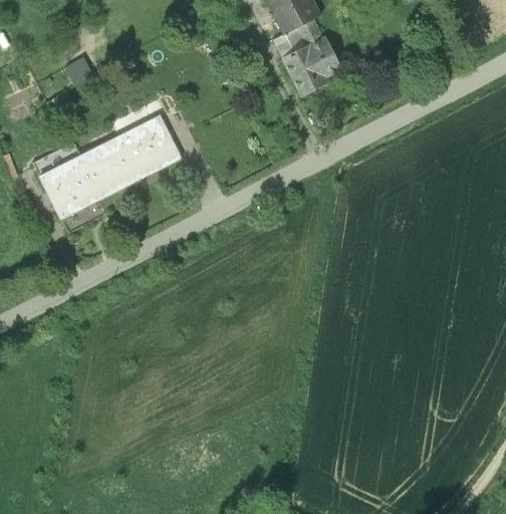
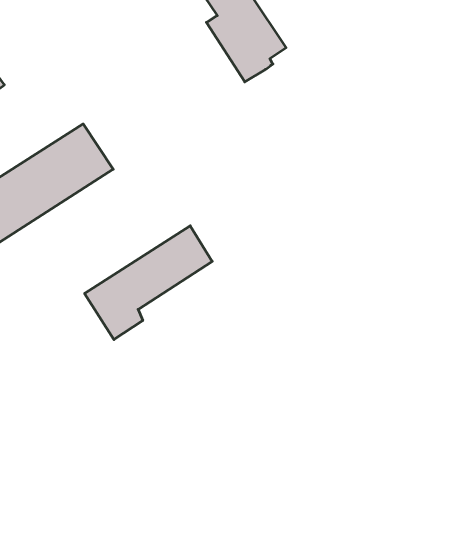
building: none -> [85,226,212,340]

